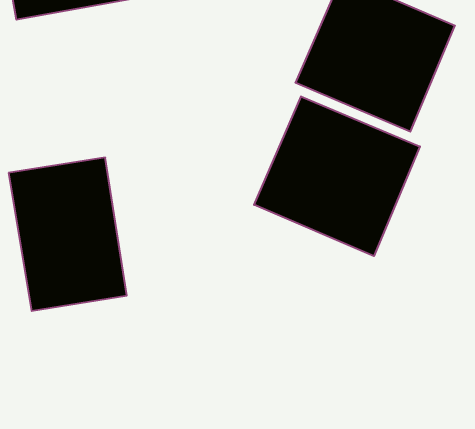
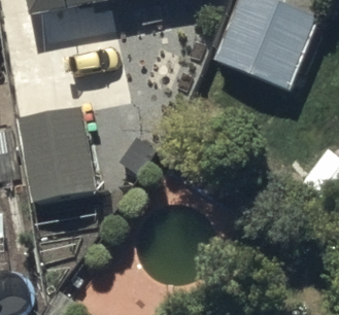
building: [254,96,420,256] -> none

